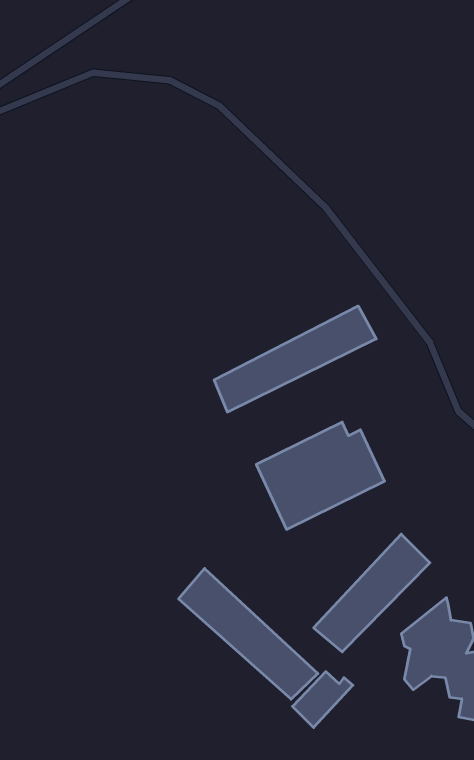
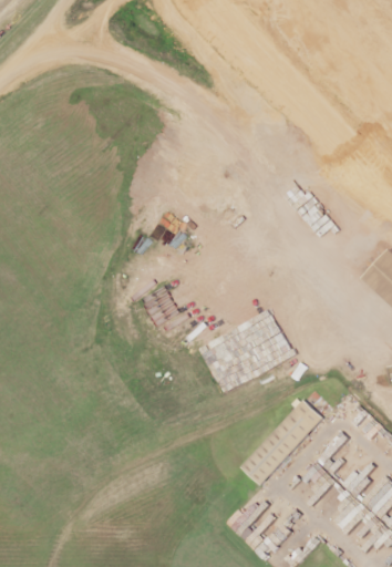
building: [214,306,376,412] -> none
building: [179,568,318,699] -> none

